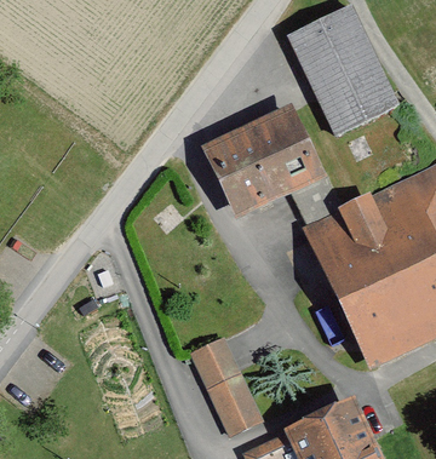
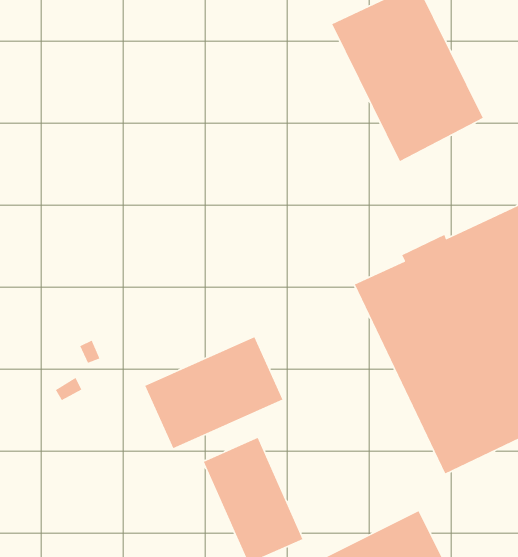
building: [202,107,323,213] -> none
building: none -> [144,336,283,449]

